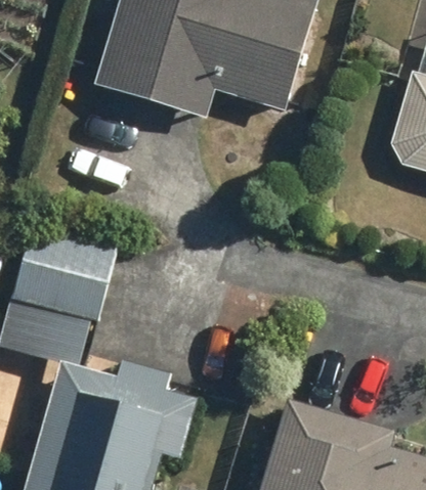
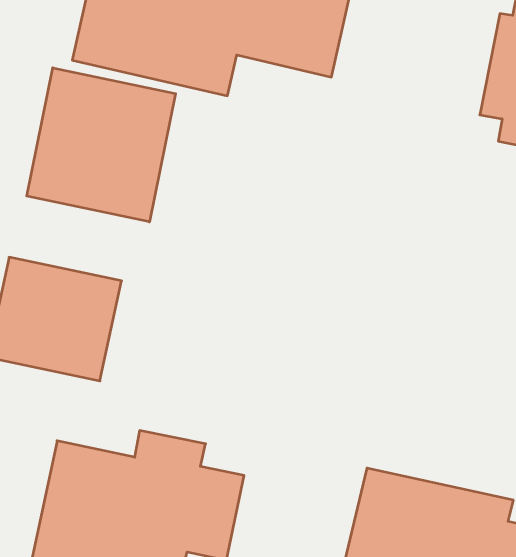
building: none -> [27,68,176,222]

